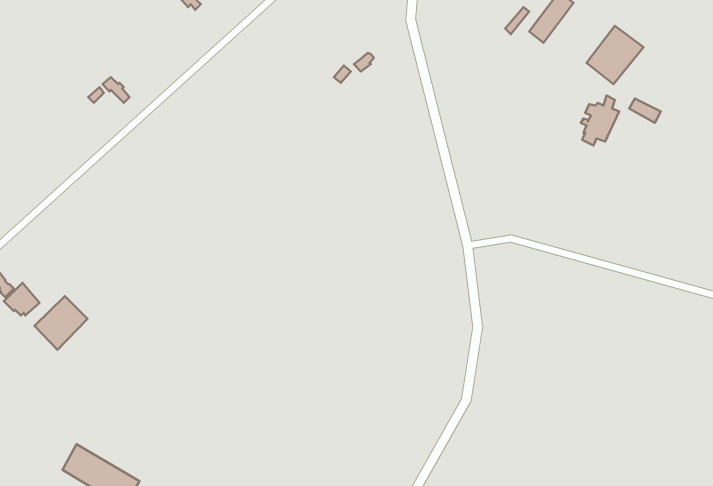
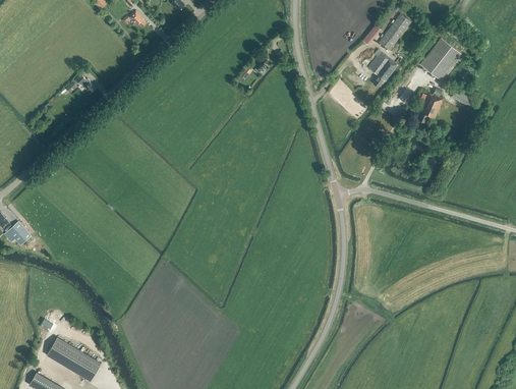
building: none -> [367,49,397,87]
building: [35,296,88,350] -> none

